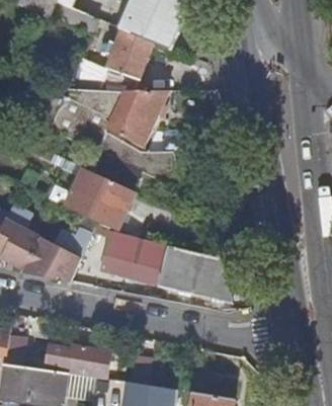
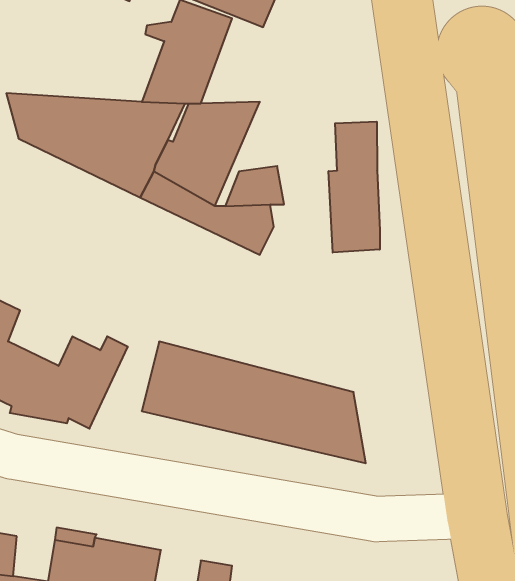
building: none -> [329,122,380,253]
building: [63,160,136,230] -> none

